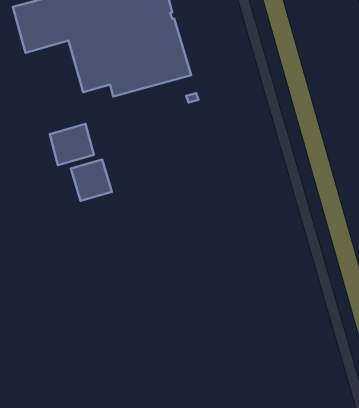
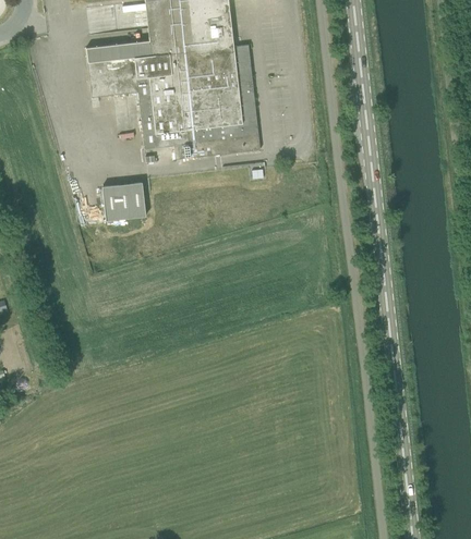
building: [71,159,112,201] -> none

